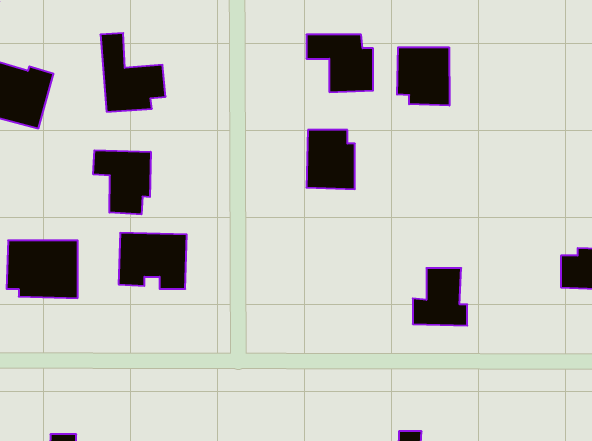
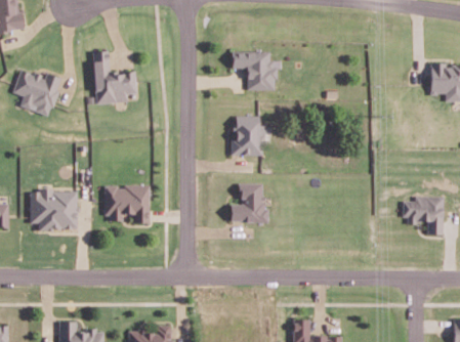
building: [397,47,449,106] -> none
building: [93,150,151,214] -> none
building: [413,268,467,326] -> [231,183,267,222]

